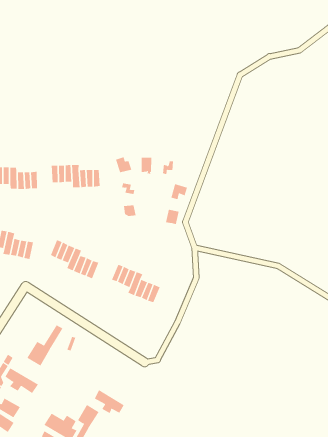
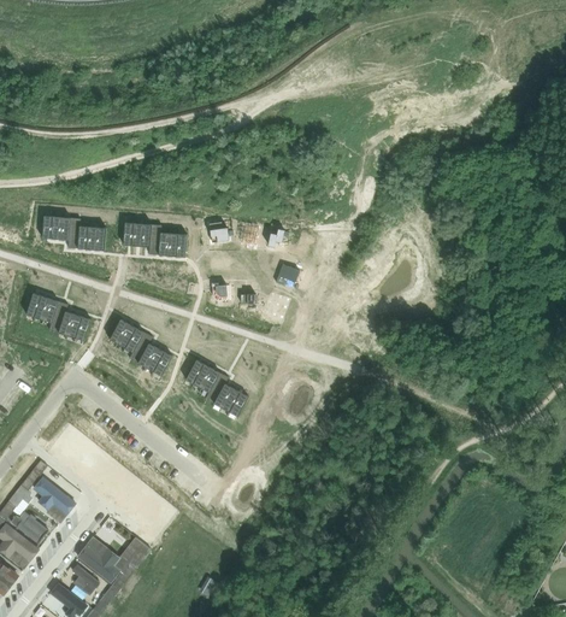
building: [27,324,63,367] -> none
building: [94,389,125,414] -> none

